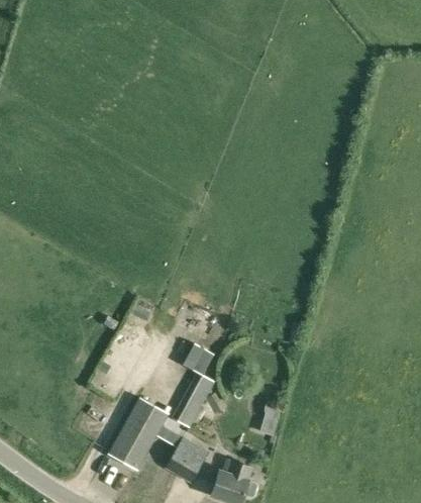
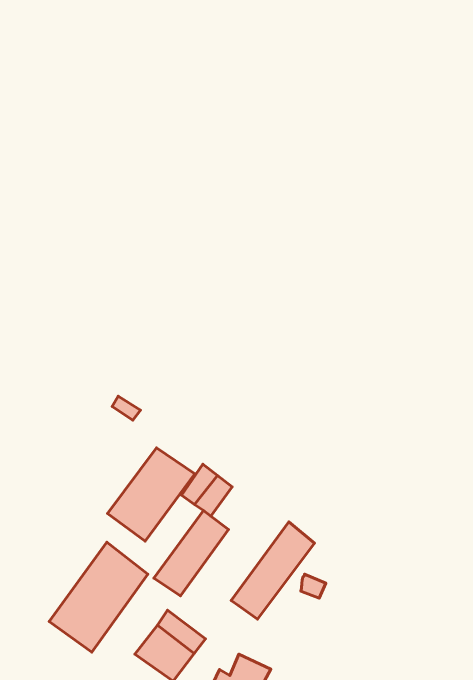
building: none -> [108,448,195,541]
building: none -> [231,522,314,619]

